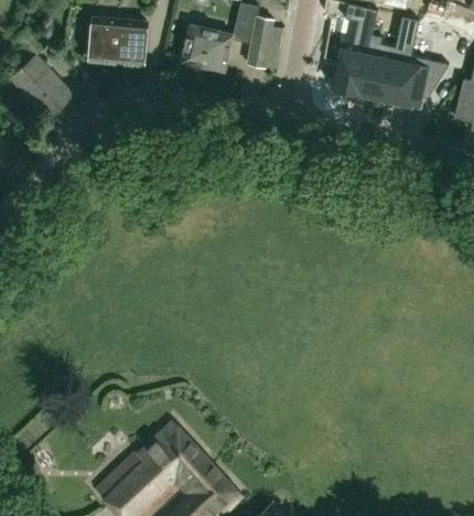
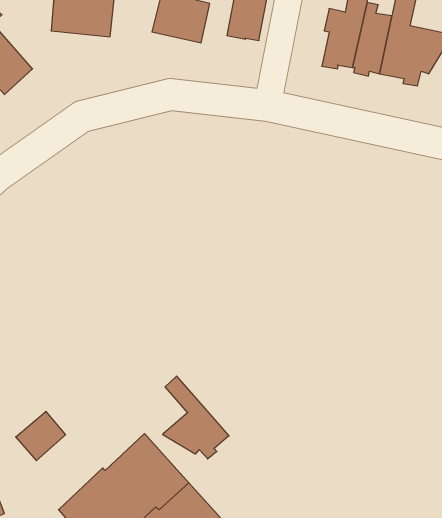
building: none -> [163,376,229,459]
building: none -> [16,411,65,461]

